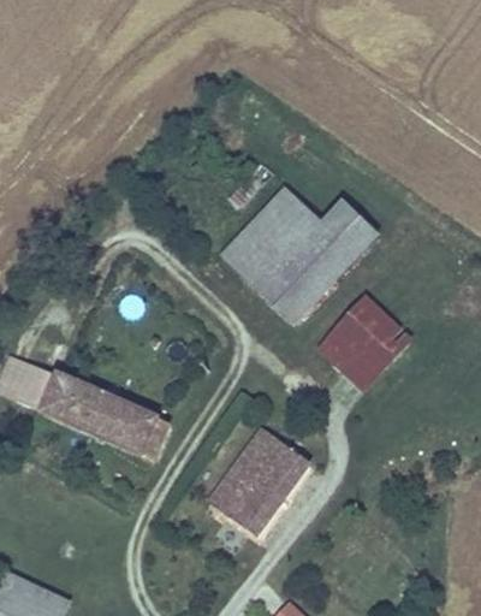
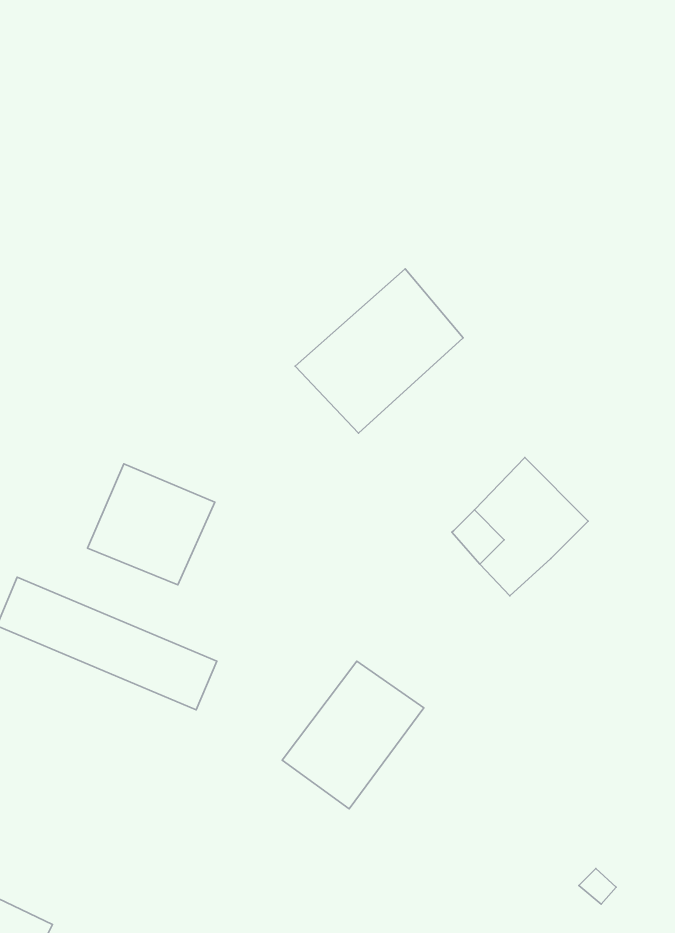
building: [261,203,381,315] -> none
building: none -> [88,464,215,585]

